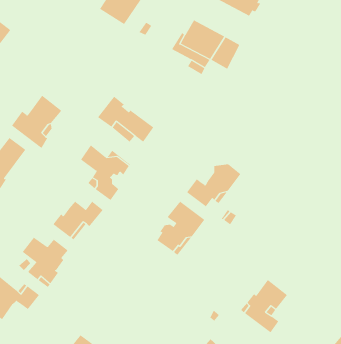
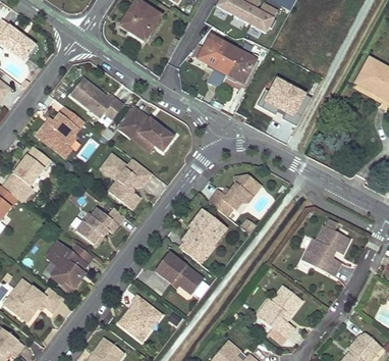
building: none -> [258,79,312,125]
building: none -> [71,80,124,120]
building: none -> [302,219,349,277]
building: none -> [153,252,200,293]
building: none -> [116,294,160,337]

